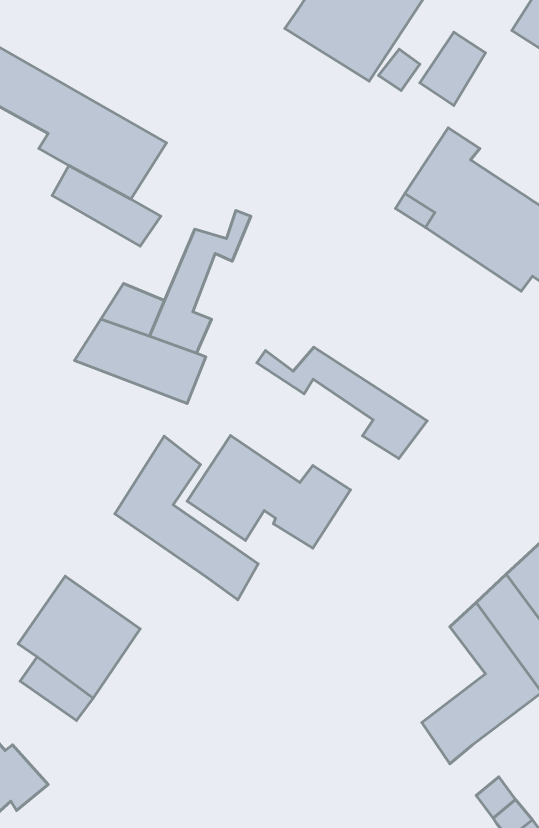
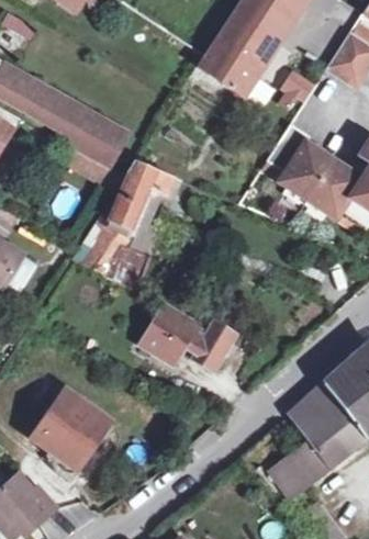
building: none -> [101,162,167,226]
building: [257,347,427,459] -> none
building: [115,436,258,600] -> none

